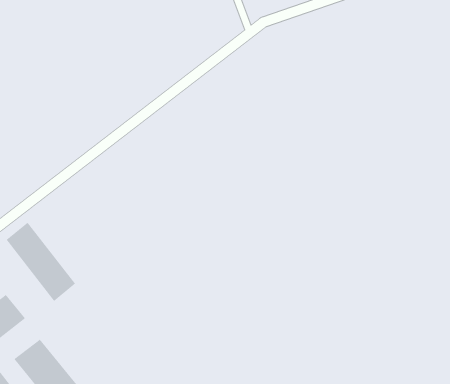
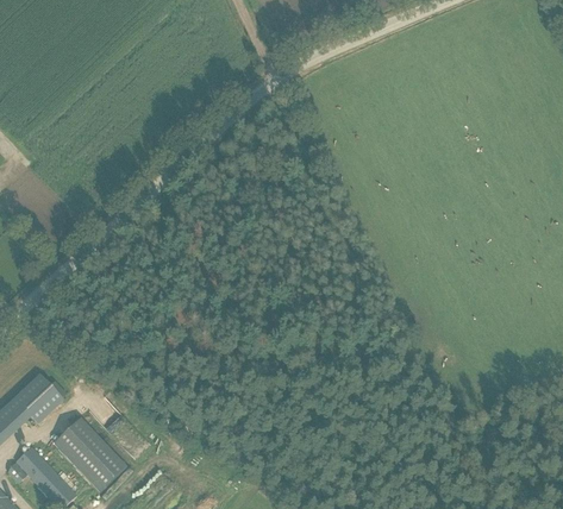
building: [6,222,76,302] -> none

